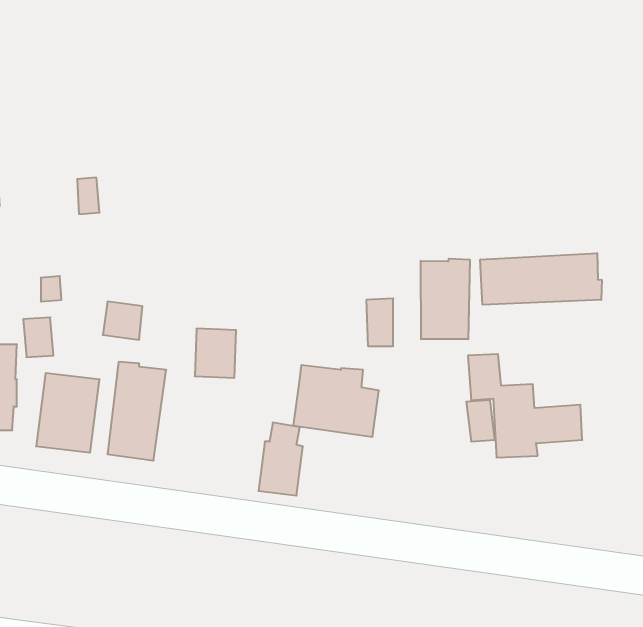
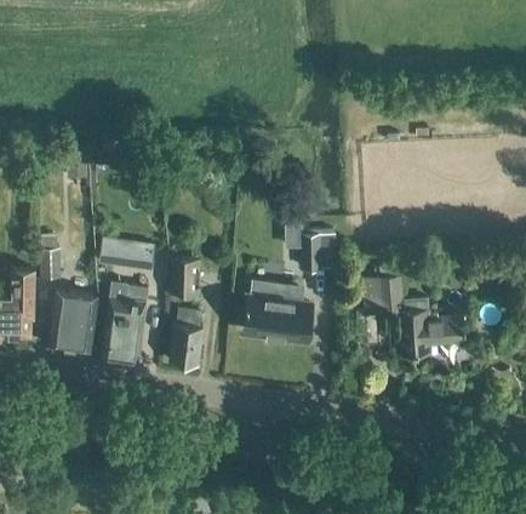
building: [480,253,602,305] -> none
building: [421,259,470,339] -> none
building: [258,423,303,496] -> [170,310,204,366]

